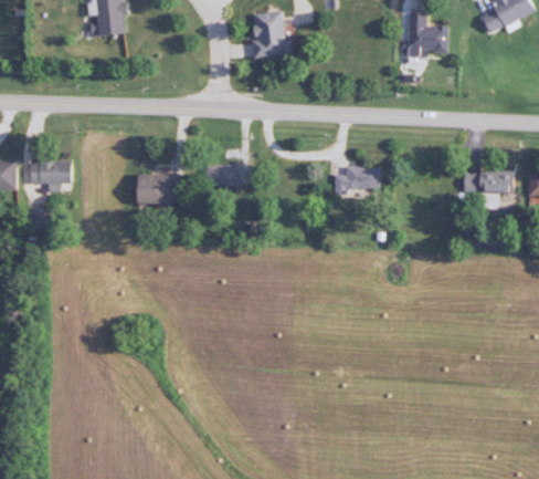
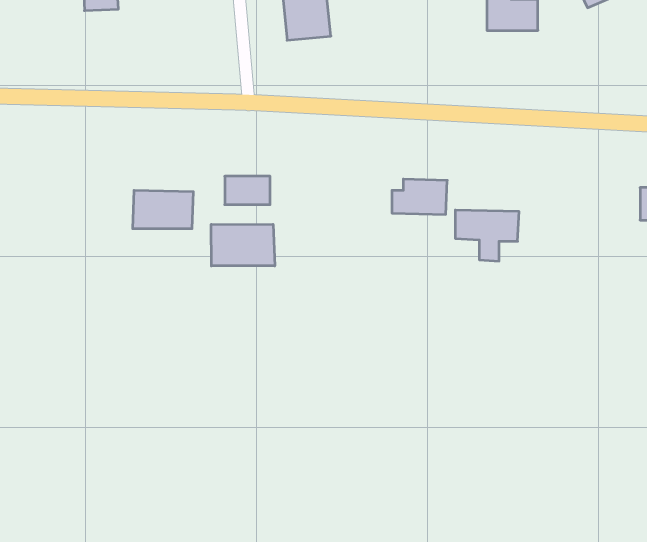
building: [38,158,84,185] -> none
building: [462,169,511,209] -> [455,210,519,261]
building: none -> [211,224,275,266]

